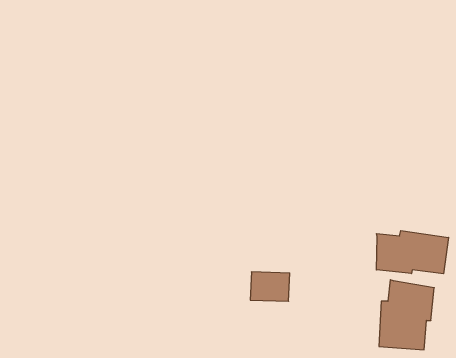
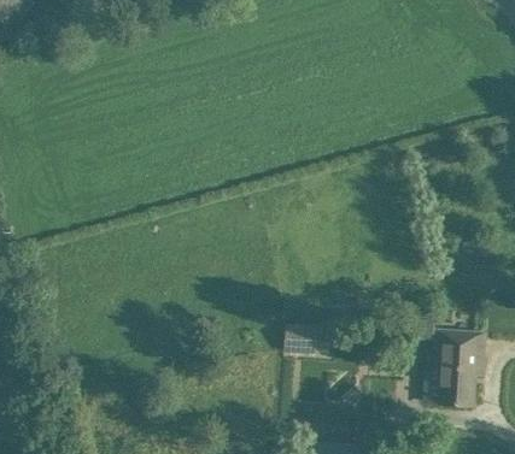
building: [376,231,449,274] -> none

